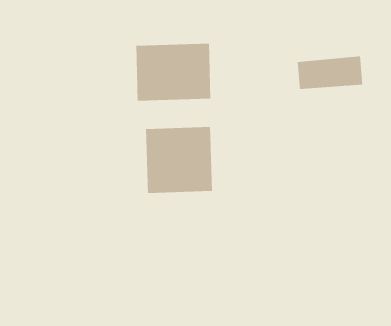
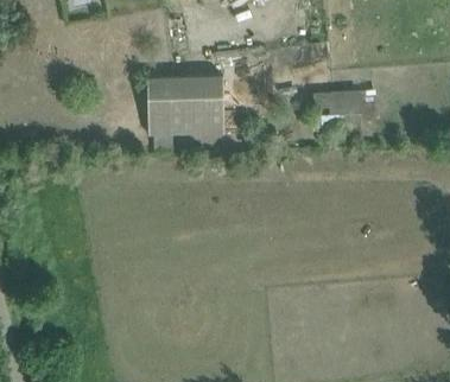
building: [146,126,213,194] -> none

